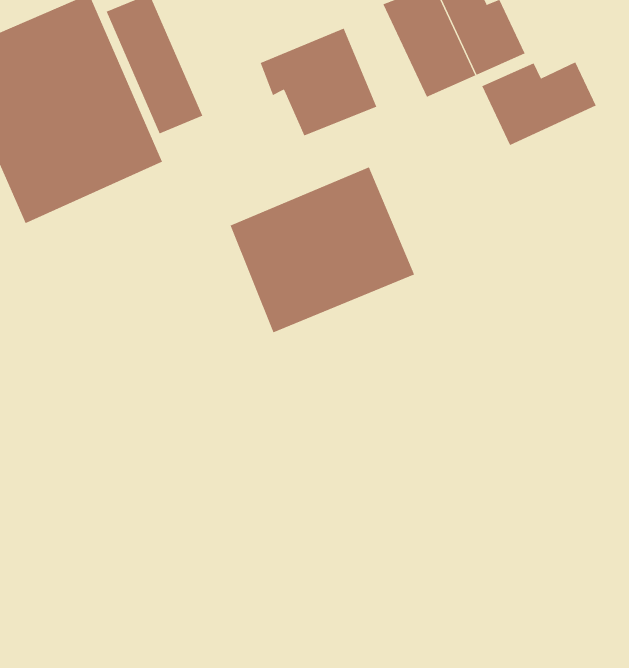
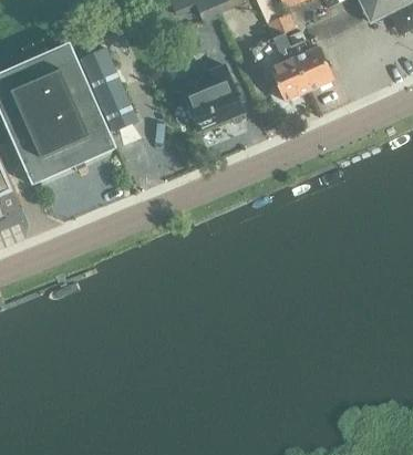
building: [481,61,596,146] -> none
building: [230,167,415,333] -> none

